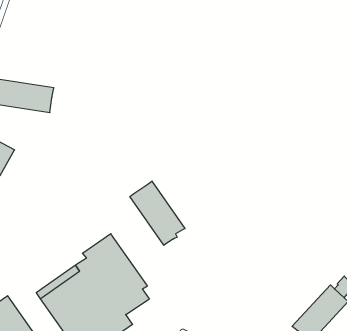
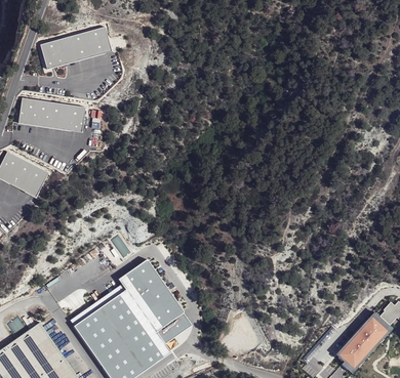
building: none -> [39,27,111,68]
building: [130,181,185,245] -> none

